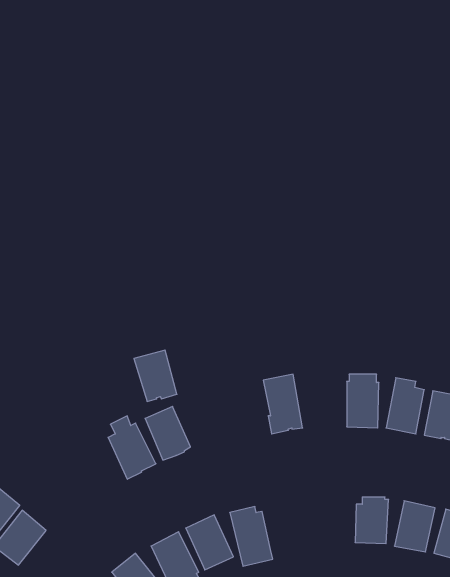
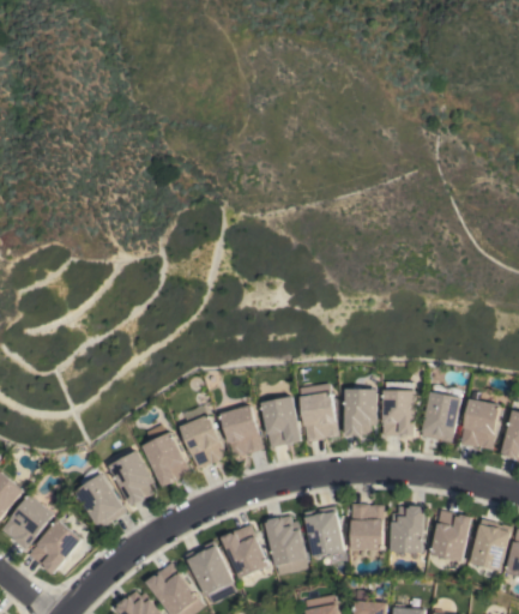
building: [134,350,177,401] -> [219,405,262,457]
building: none -> [345,390,376,435]
building: none -> [261,396,301,447]
building: none -> [108,451,153,506]
building: none -> [74,469,126,530]
building: none -> [351,504,384,550]
building: none -> [303,506,344,556]

